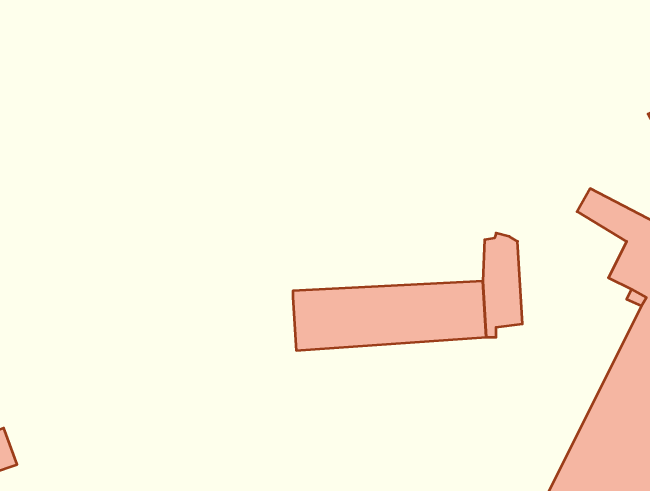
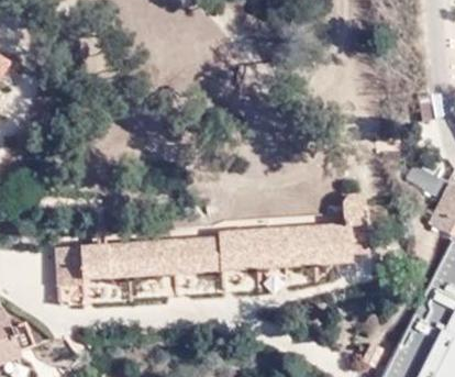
building: none -> [56,236,219,285]

